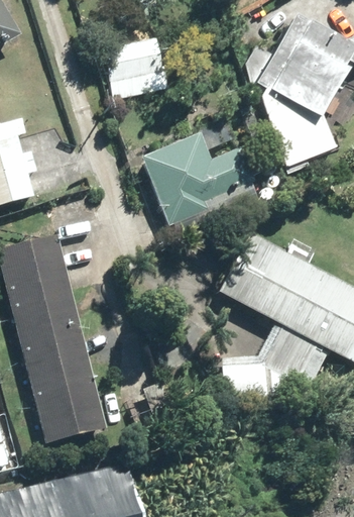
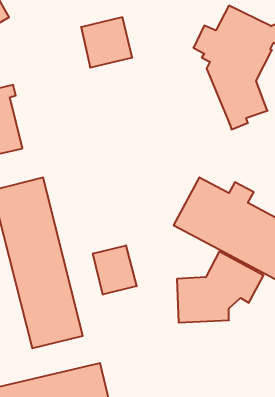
building: [139,135,251,226] -> none
building: none -> [93,245,137,295]

